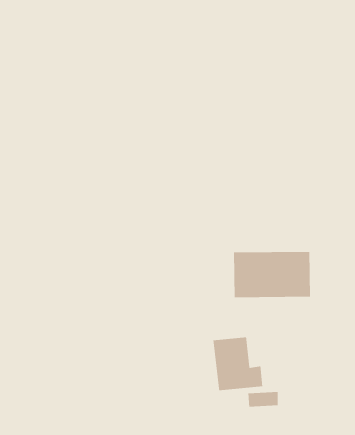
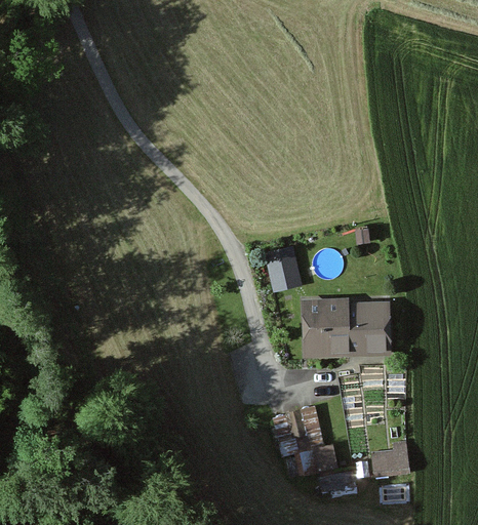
building: none -> [267,249,300,292]
building: none -> [369,440,410,471]

